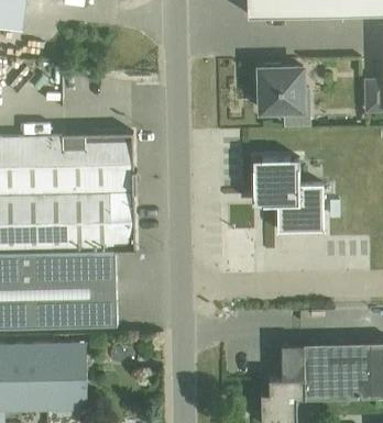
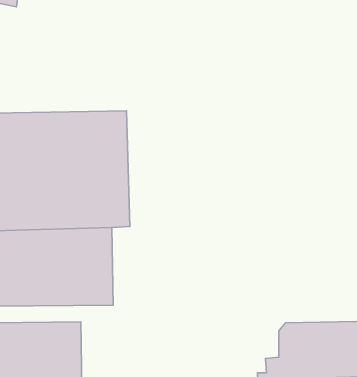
building: [255,66,308,126] -> none
building: [252,159,322,232] -> none

